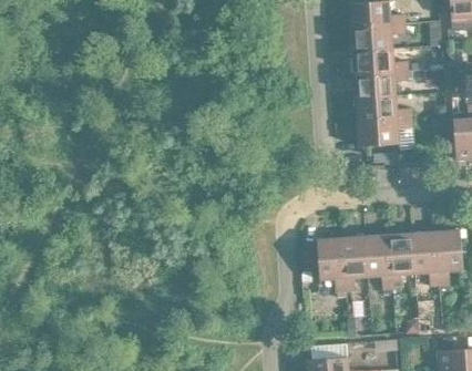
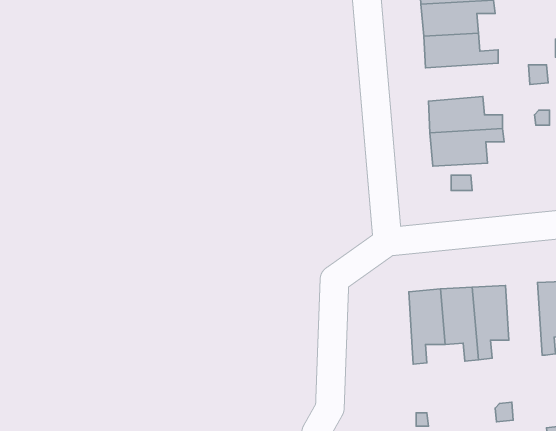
building: [355,70,409,97] -> none
building: [413,230,440,285] -> none
building: [318,237,346,291] -> none

